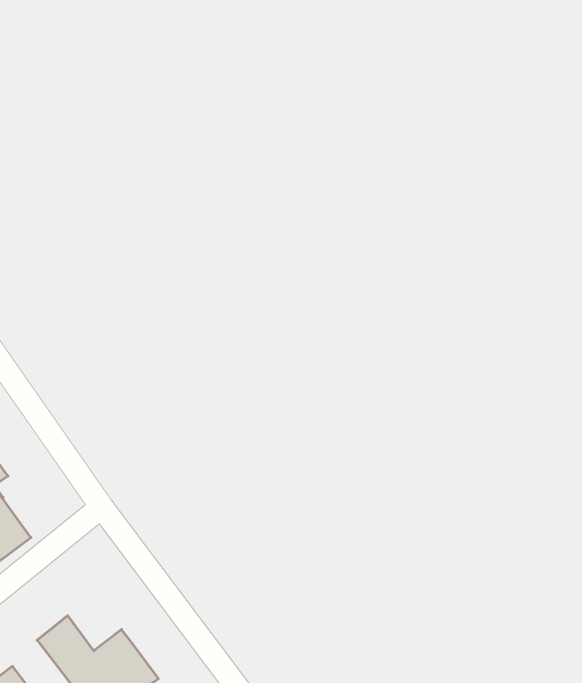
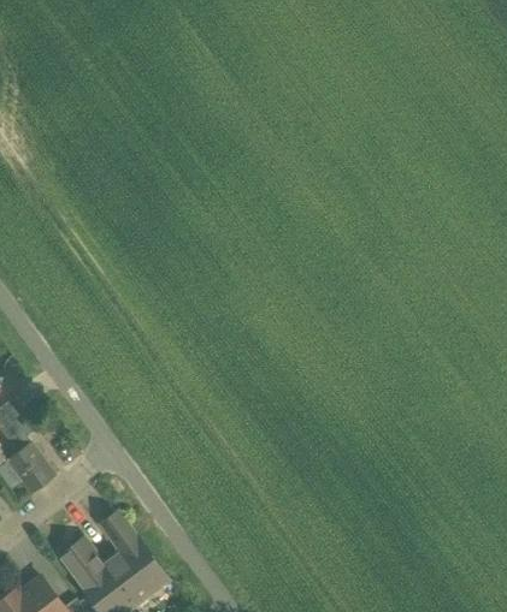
building: none -> [99,512,145,558]

